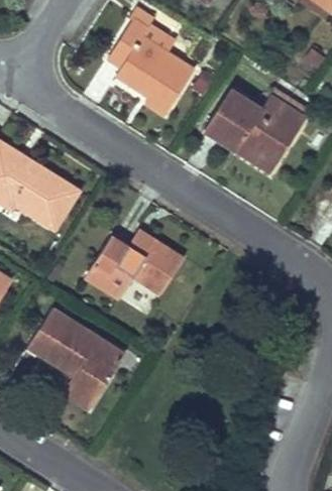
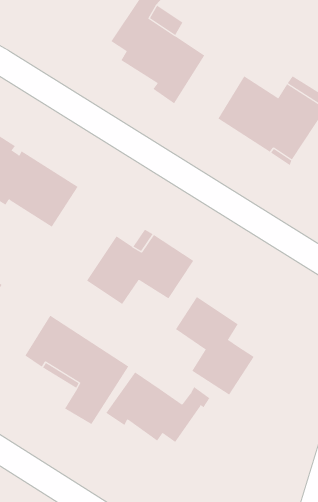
building: none -> [175,296,255,396]
building: none -> [105,371,210,443]

